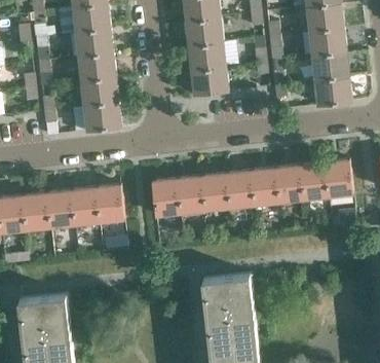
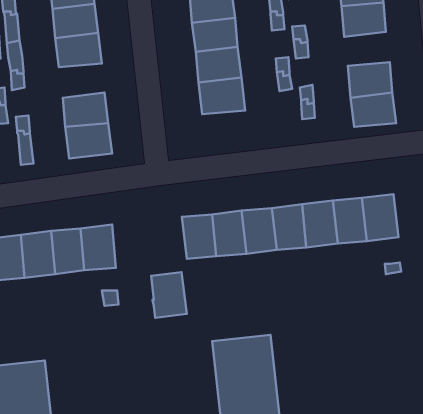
building: [308,29,345,57] -> none
building: [77,55,114,82] -> none
building: [152,179,181,216] -> [151,272,187,318]

